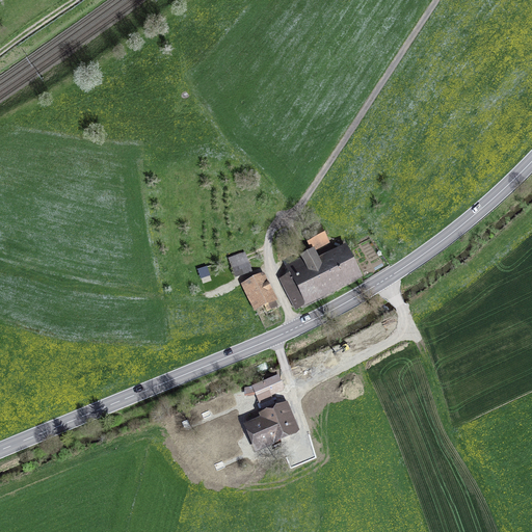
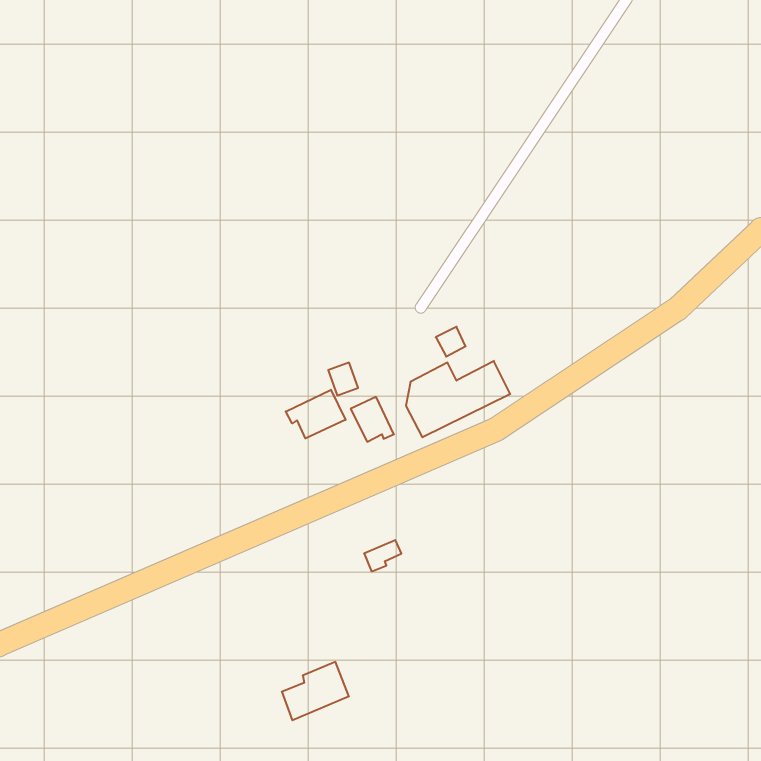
building: none -> [286,390,346,438]
building: [249,405,296,446] -> [282,662,349,720]

